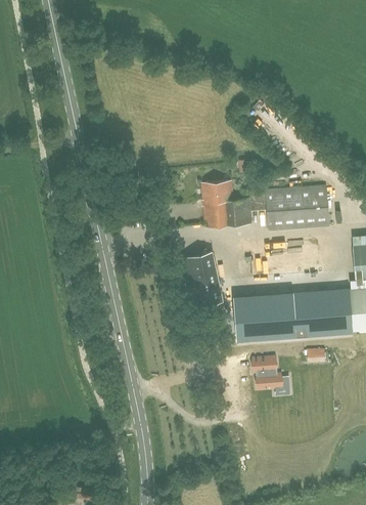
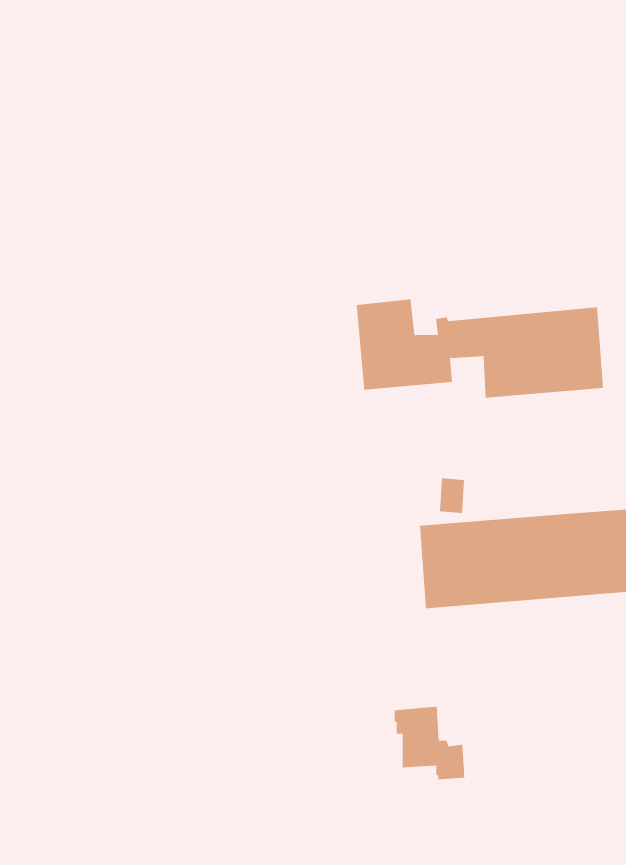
building: [180,251,222,307] -> none
building: [253,356,289,394] -> [394,706,465,780]

